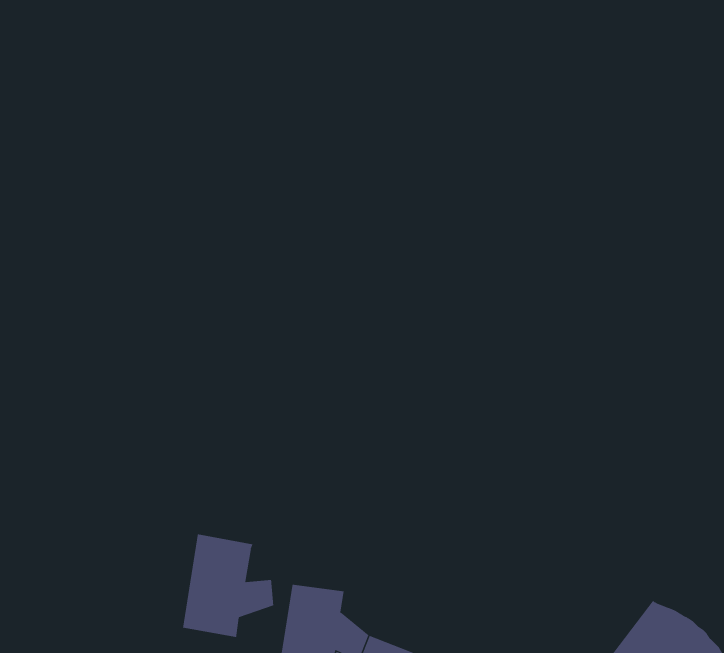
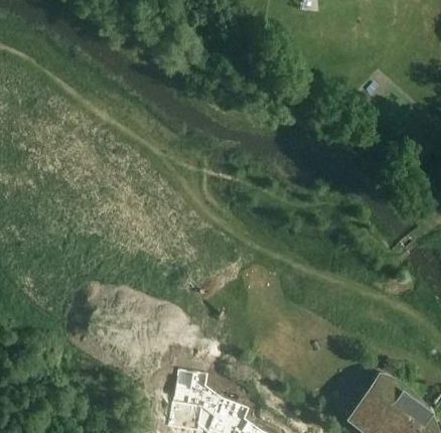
building: [182,533,274,638] -> none

